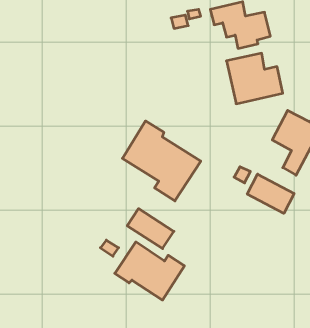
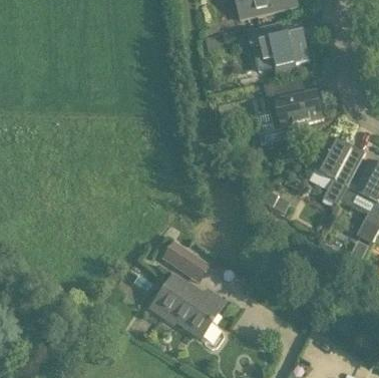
building: [122,121,201,201] -> none
building: [247,174,294,213] -> none

